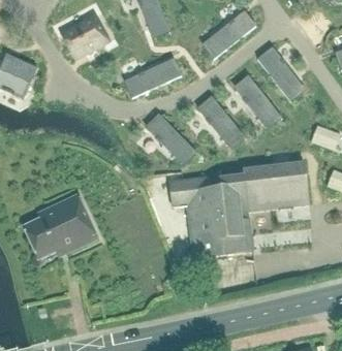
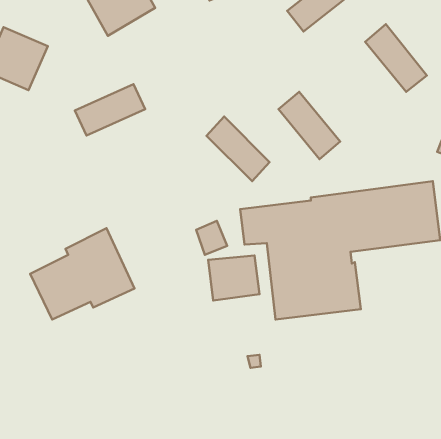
building: [128,59,178,95] -> [75,84,145,136]
building: [236,77,278,125] -> none
building: none -> [208,256,260,300]

